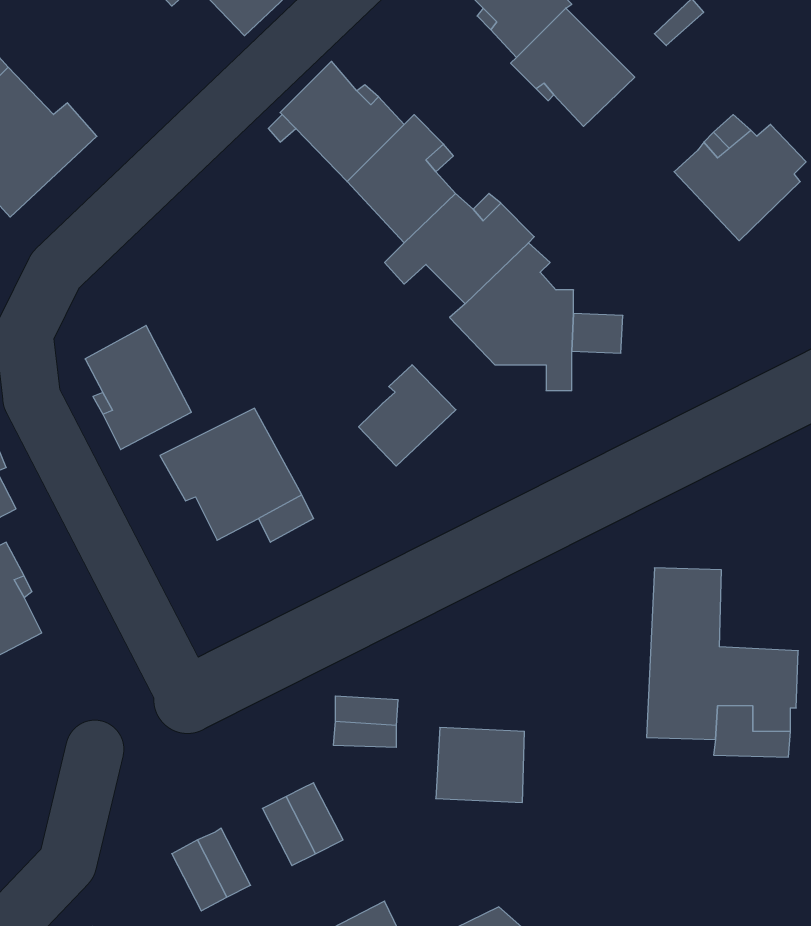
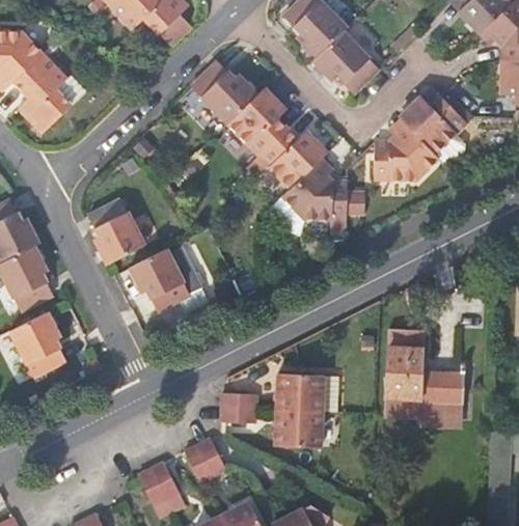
building: none -> [376,117,438,179]
building: [359,365,456,466] -> none
building: none -> [276,375,338,413]

